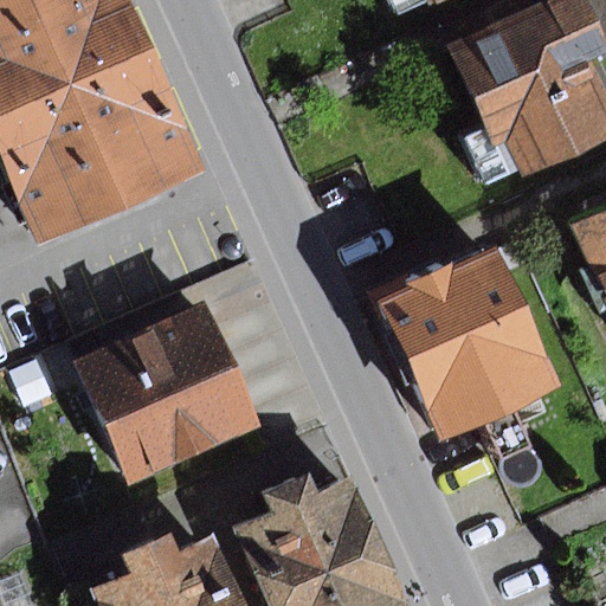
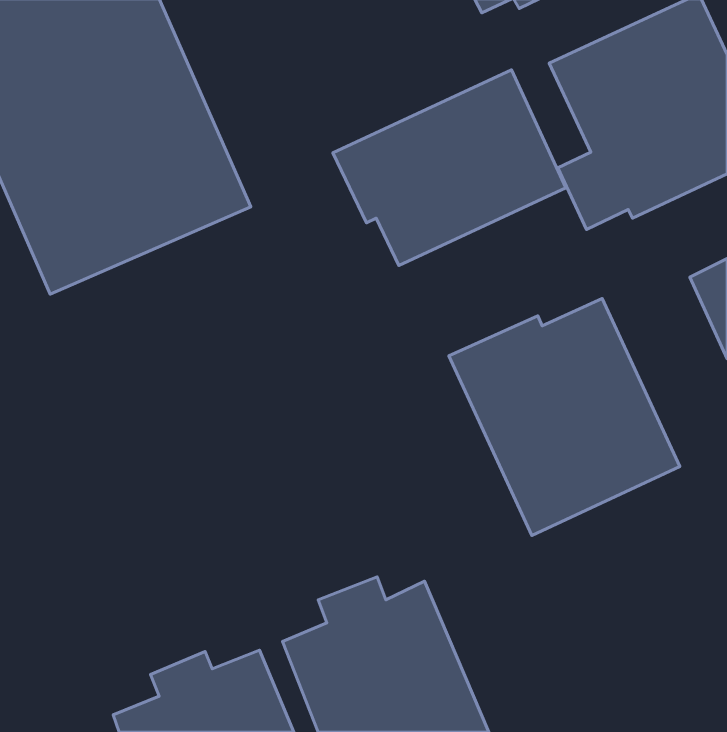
building: none -> [333,70,566,266]
building: [71,302,265,486] -> none

